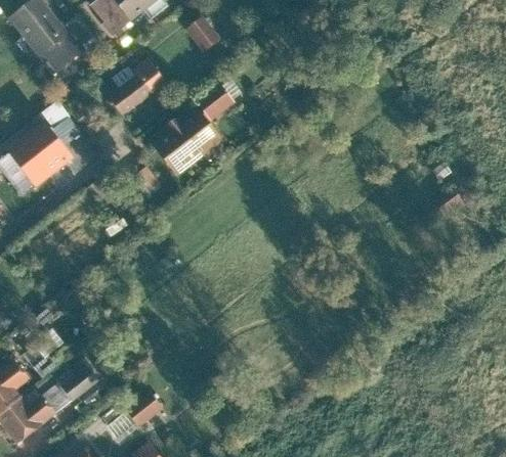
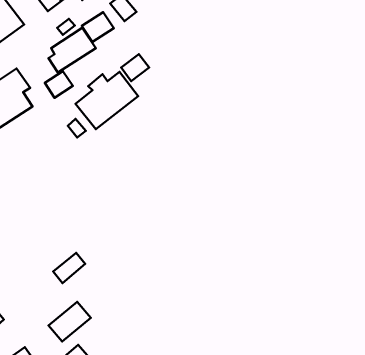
building: none -> [82,12,114,42]
building: none -> [45,71,73,98]
building: [57,367,96,404] -> [53,253,85,283]

